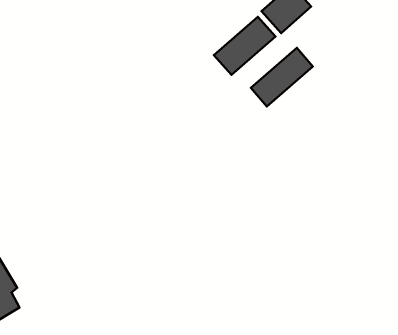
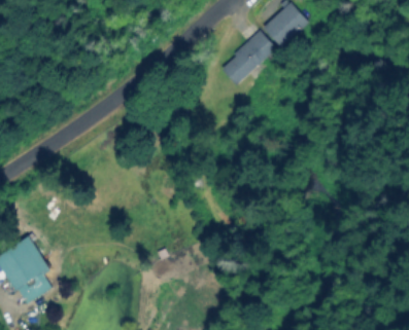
building: [251,48,313,106] -> none

